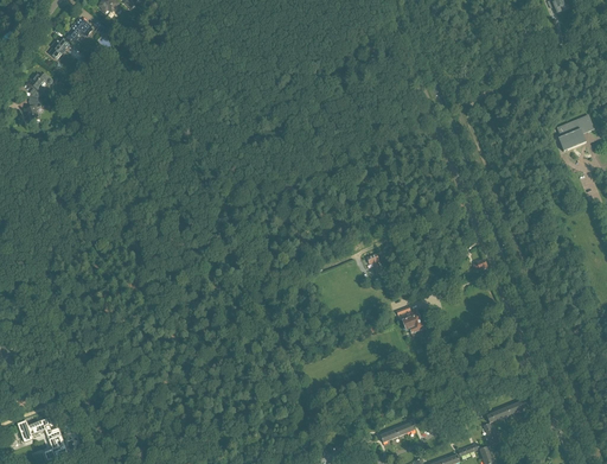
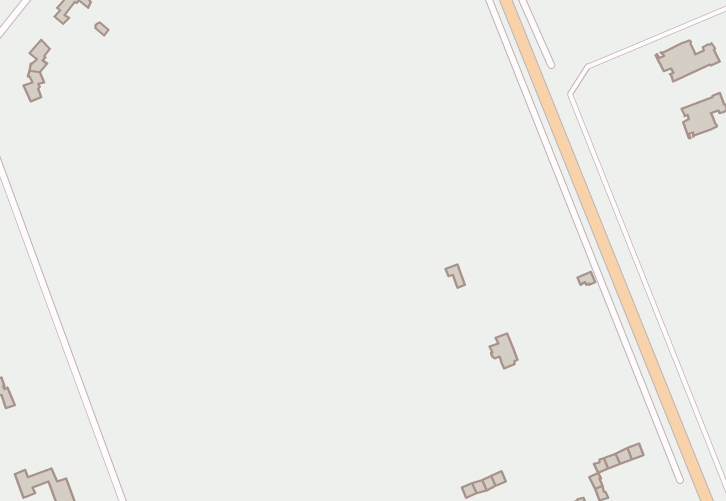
building: none -> [656,40,720,82]

